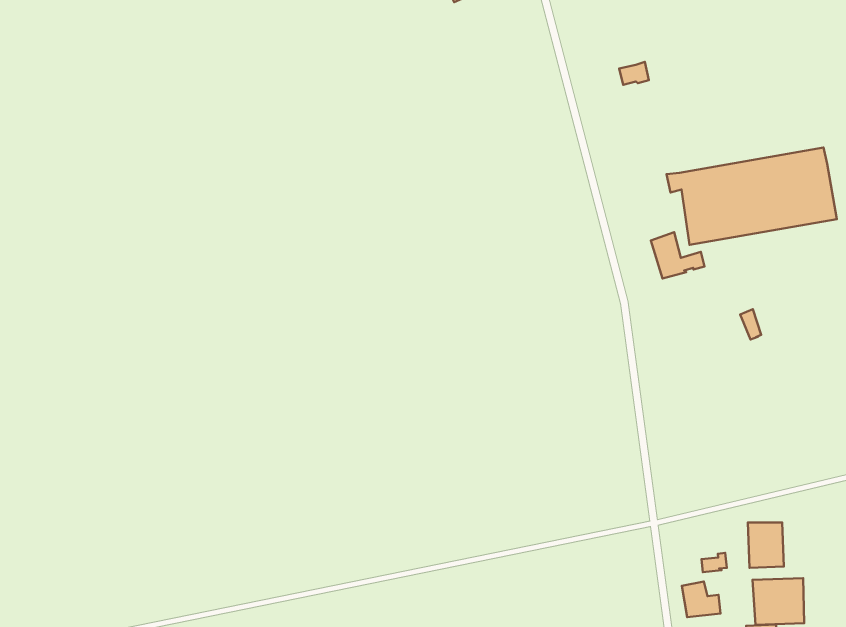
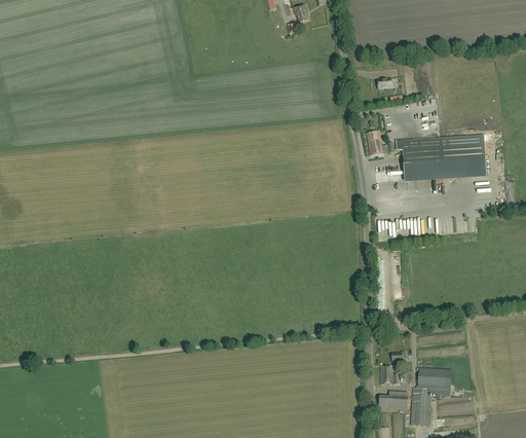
building: [651,232,704,279] -> [366,130,393,154]
building: [748,522,784,568] -> none

